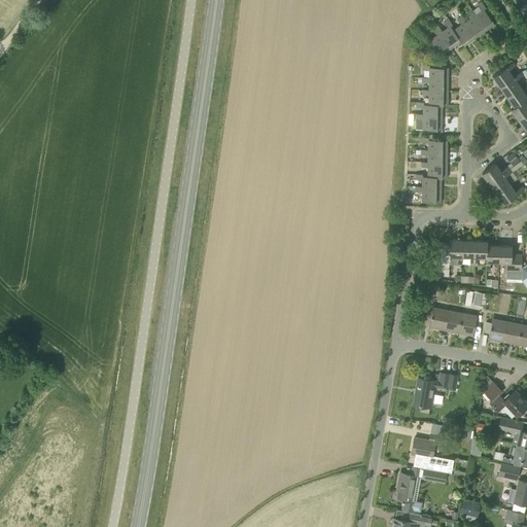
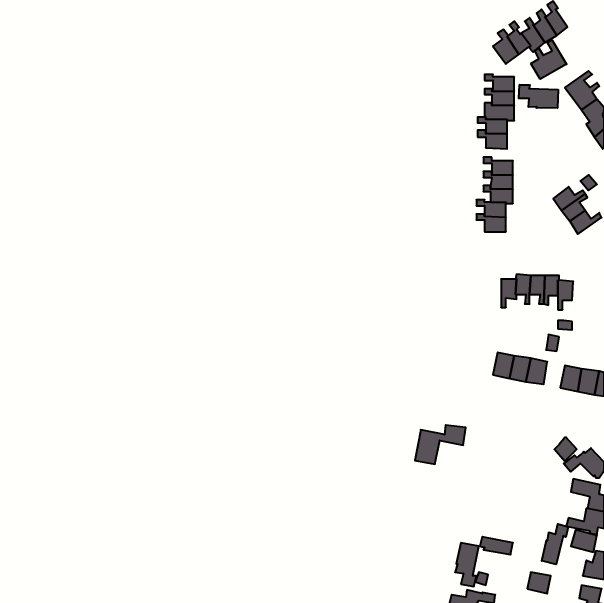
building: none -> [531,40,567,79]
building: none -> [519,85,558,108]
building: [498,246,522,272] -> none
building: [413,374,457,408] -> [415,425,466,464]
building: [411,434,442,458] -> none
building: none -> [542,524,568,564]

